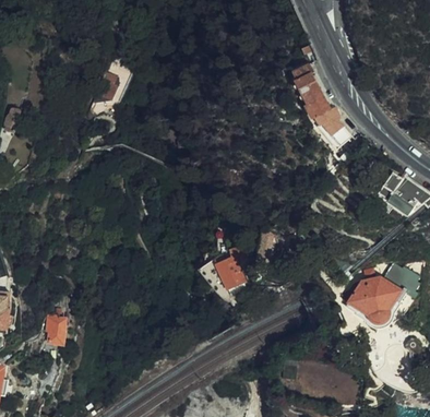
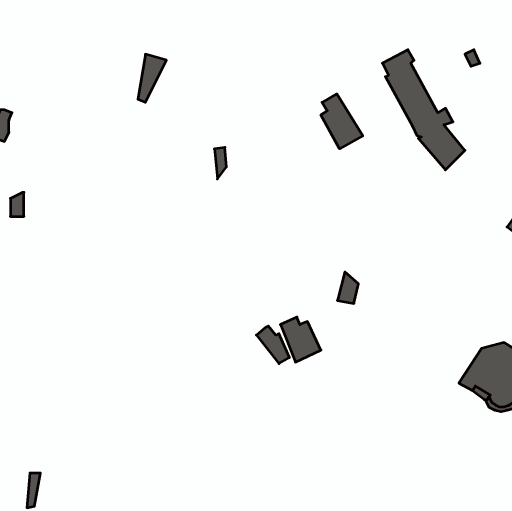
building: none -> [321,94,363,149]
building: [47,307,67,344] -> none

